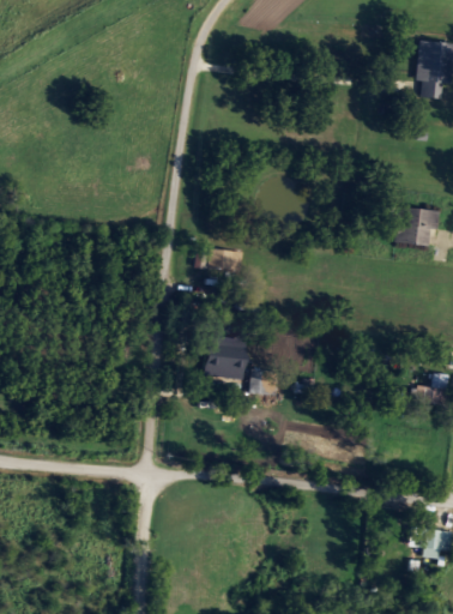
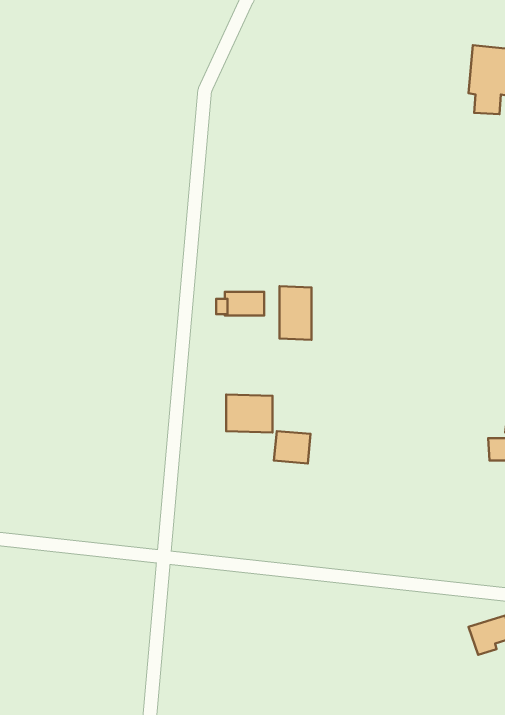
building: [395,209,436,248] -> none
building: none -> [280,286,312,340]

